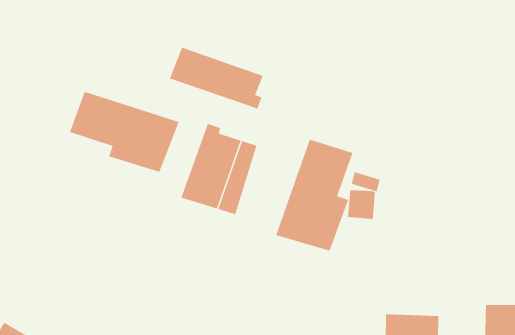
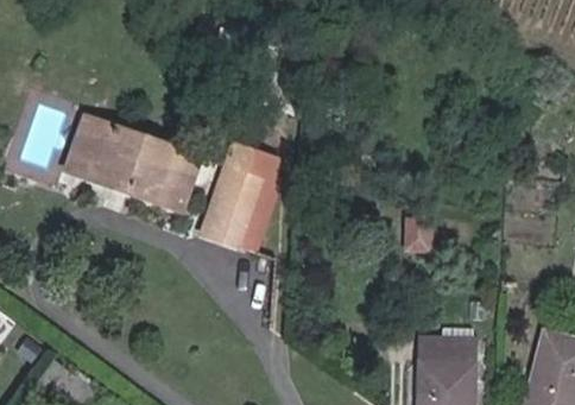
building: [169,47,263,109] -> none
building: none -> [78,116,143,190]
building: [276,139,353,251] -> none

